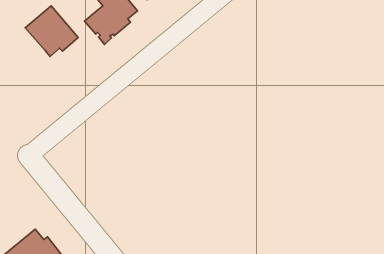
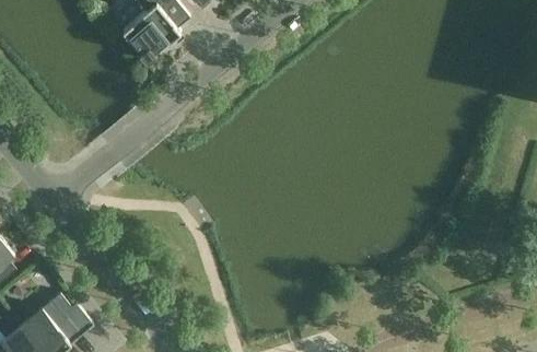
building: [25,6,78,57] -> none

